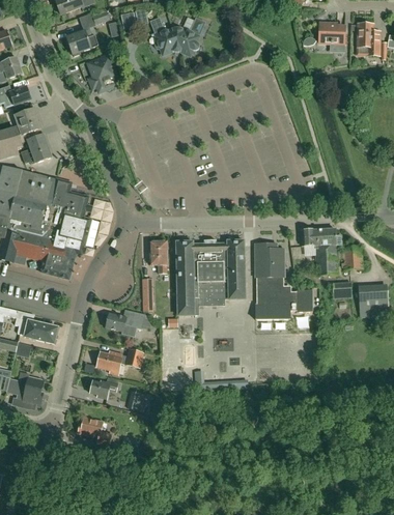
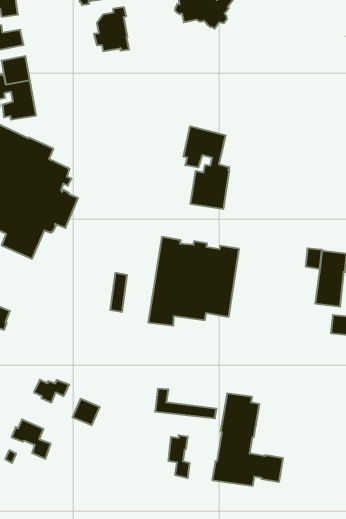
building: none -> [184,126,229,209]
building: [150,241,167,274] -> none
building: [255,244,312,320] -> [212,394,283,486]
building: [106,309,145,337] -> none
building: [96,349,143,375] -> none
building: none -> [168,435,189,478]

